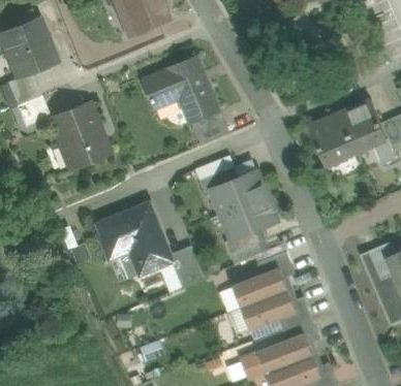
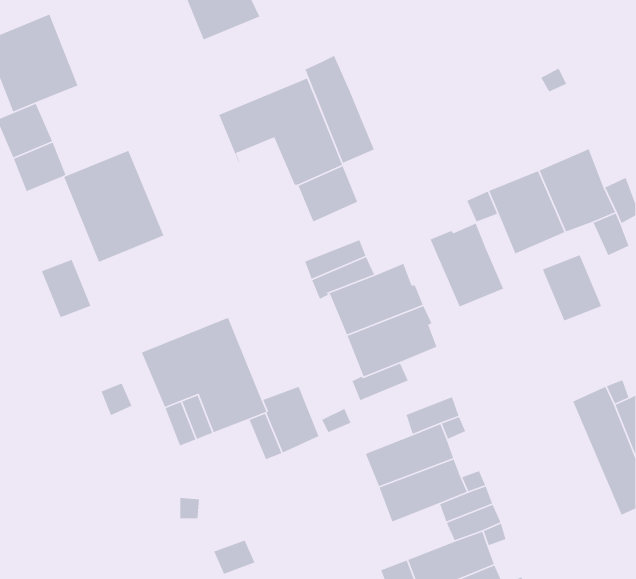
building: none -> [304,55,375,164]
building: none -> [430,222,505,307]
building: none -> [542,254,602,322]
building: none -> [41,259,92,318]

